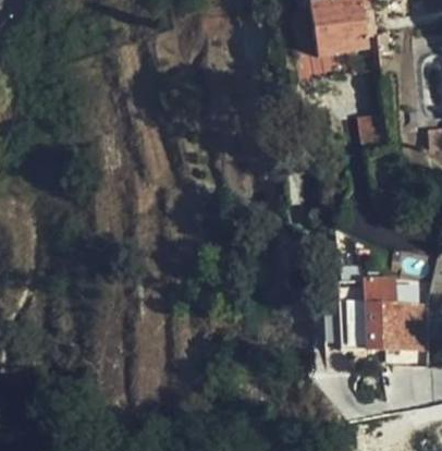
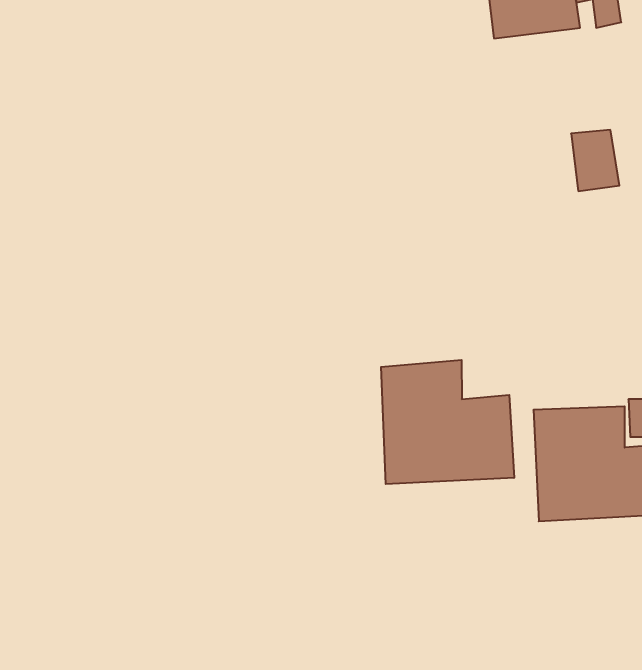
building: none -> [381,360,514,484]

